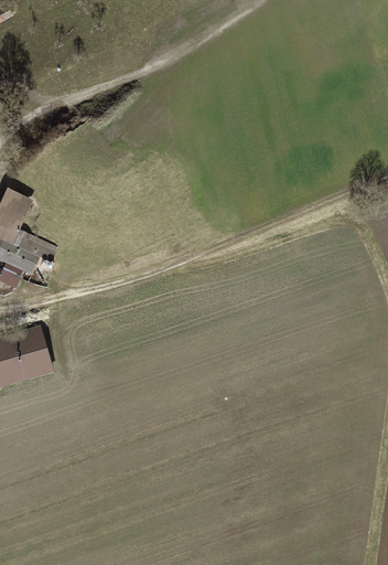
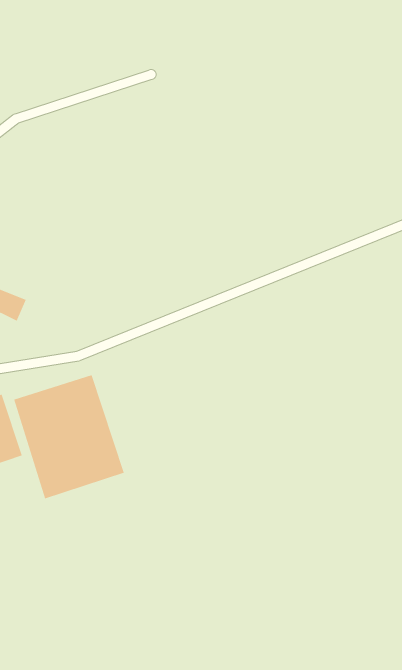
building: none -> [13,374,125,499]

